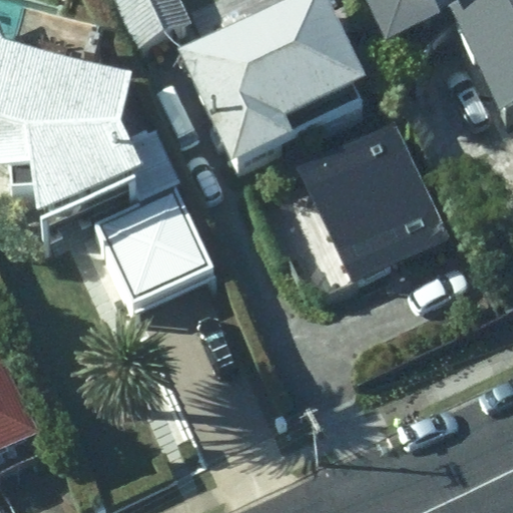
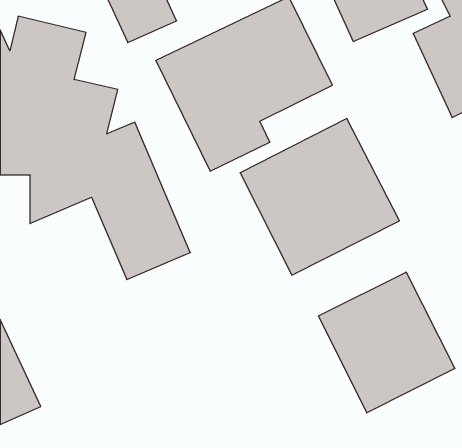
building: none -> [319,272,455,413]

